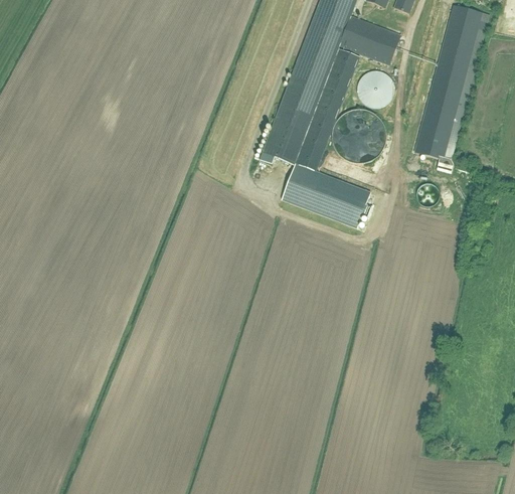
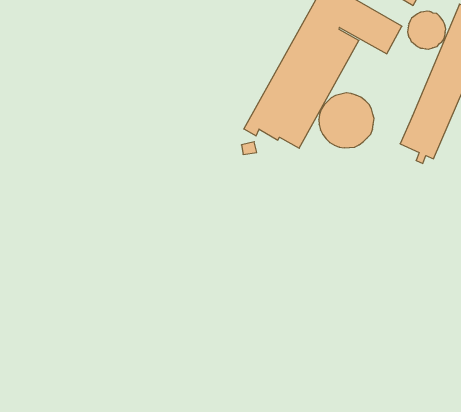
building: [356,69,393,107] -> [408,11,446,49]
building: [281,162,370,227] -> none

